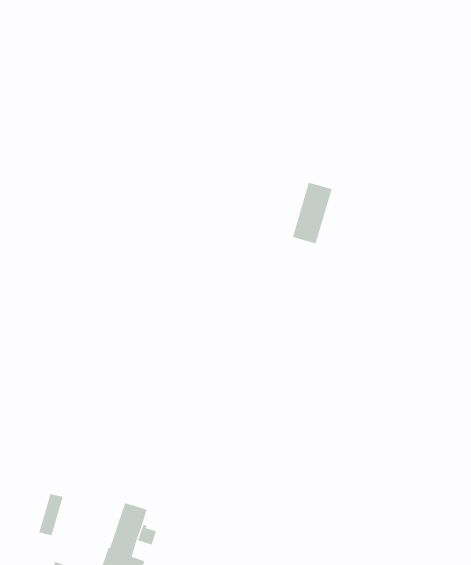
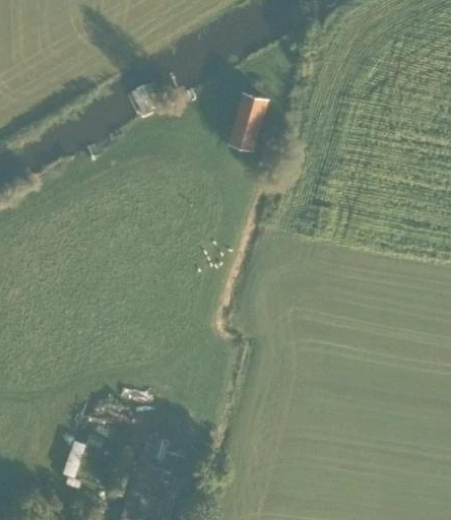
building: [292,182,332,244] -> [229,98,264,152]

